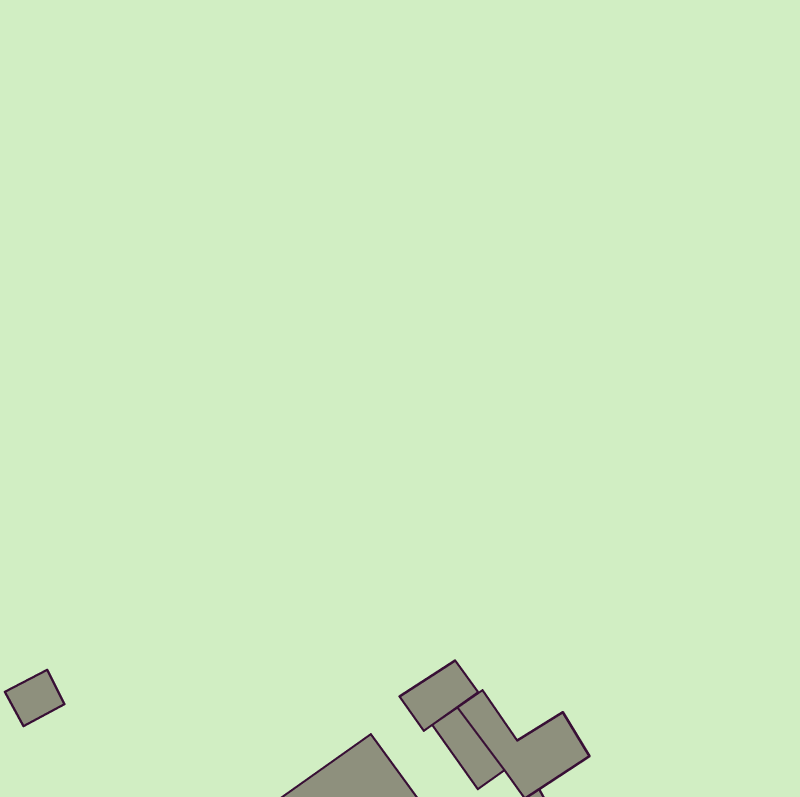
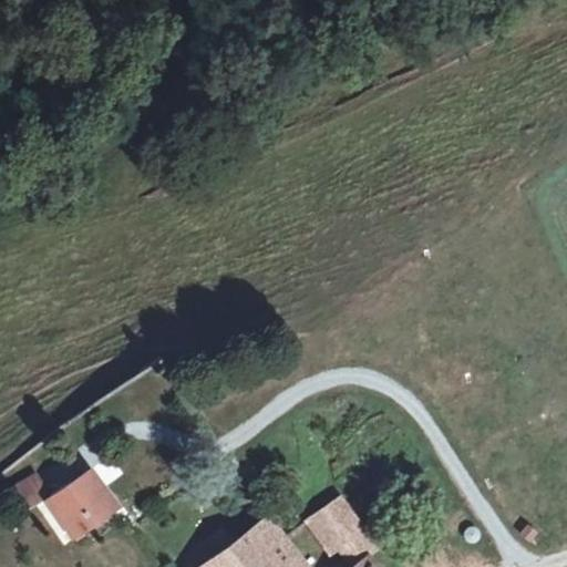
building: [399,660,478,731] -> none
building: none -> [44,474,116,542]

